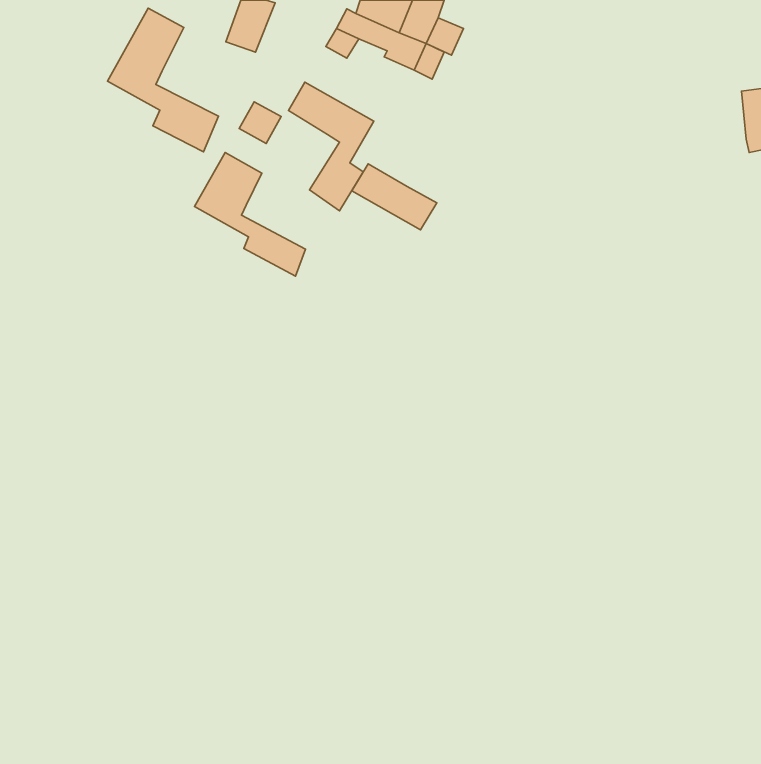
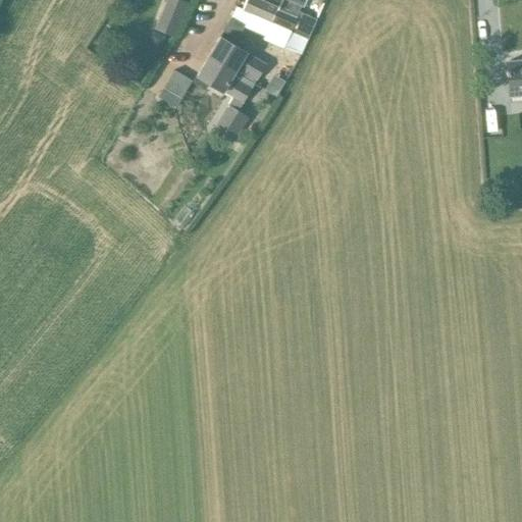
building: [107,8,218,152] -> none
building: [195,153,305,276] -> none
building: [352,164,437,230] -> [210,38,268,83]

